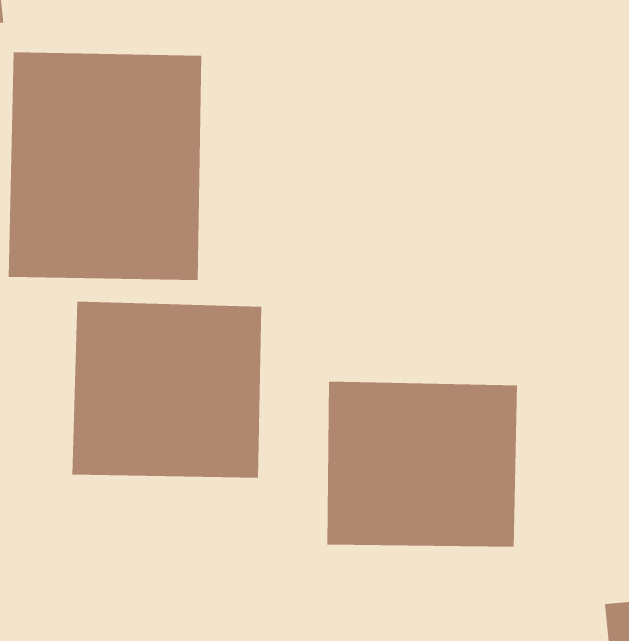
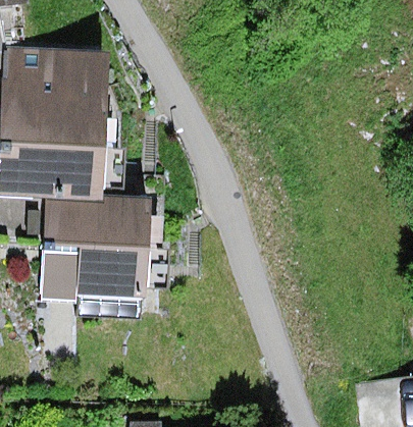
building: [327,381,518,547] -> none

